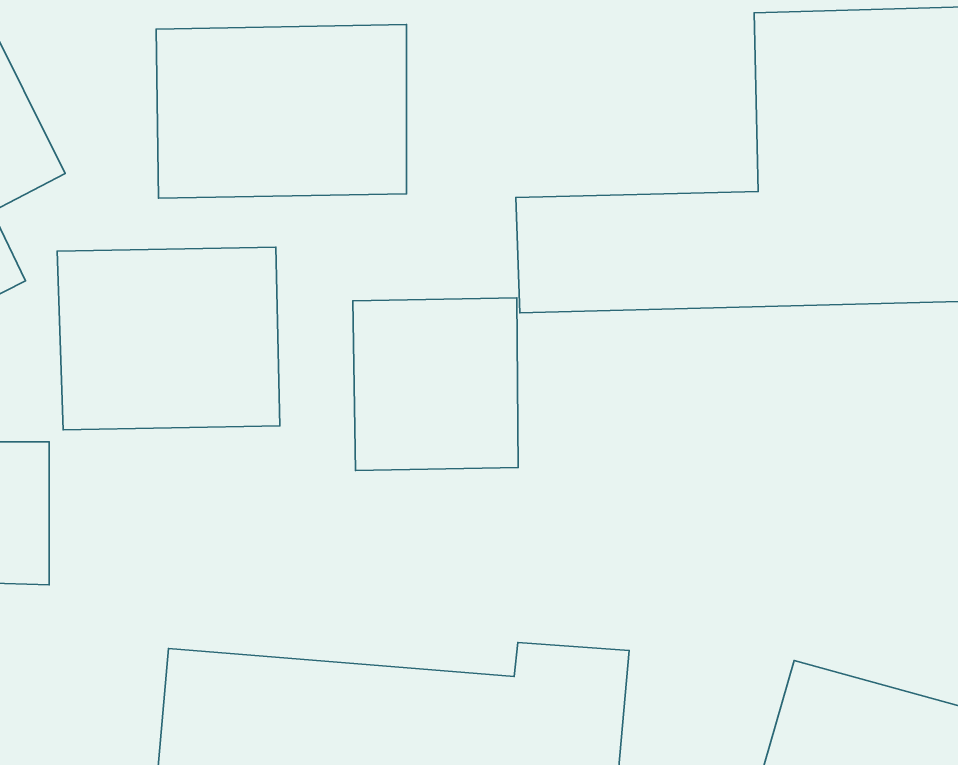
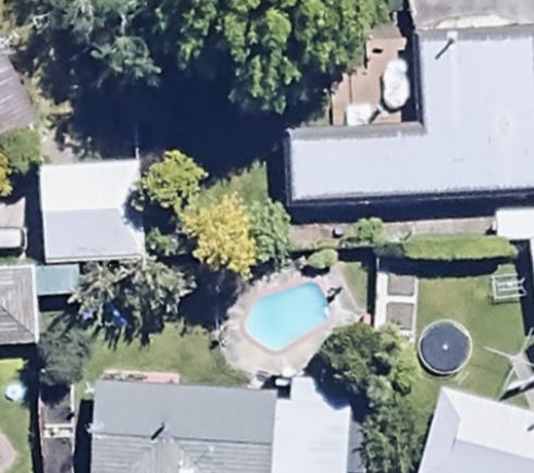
building: [156,25,407,198] -> none
building: [353,298,518,471] -> none

